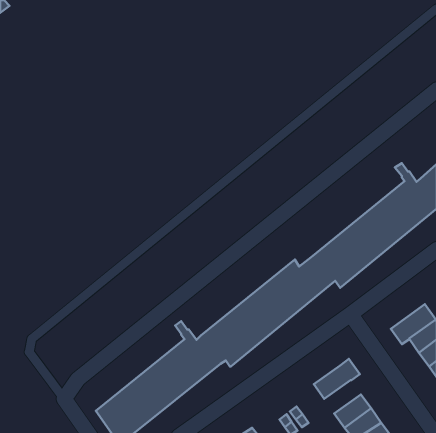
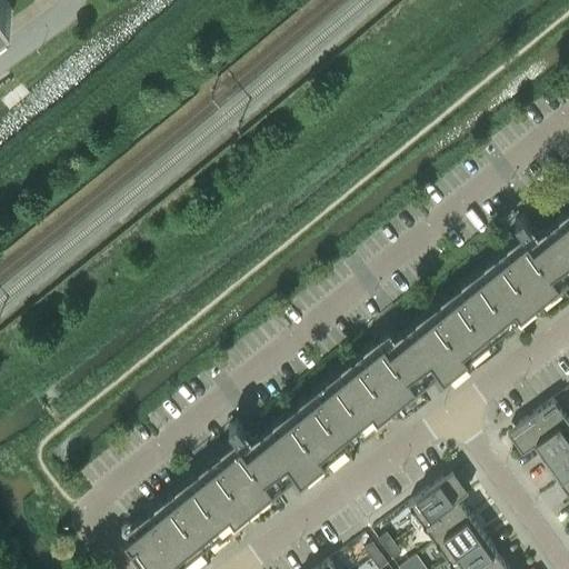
building: none -> [422,499,470,542]

